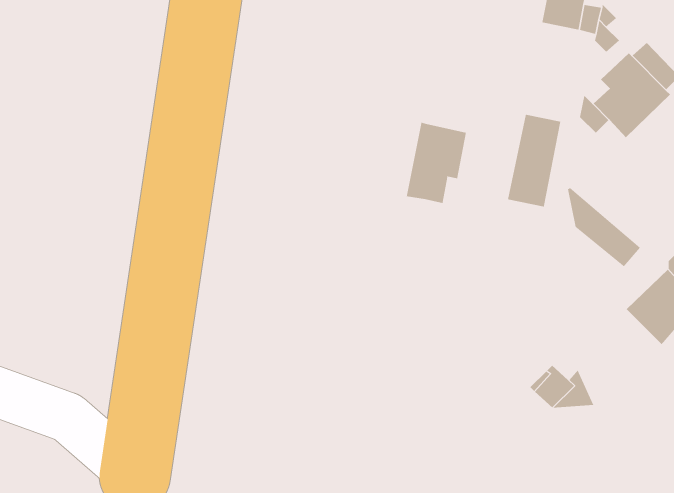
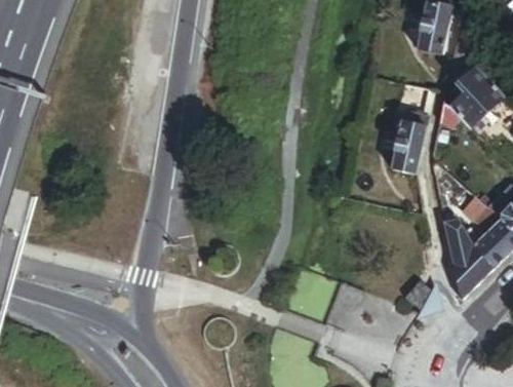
building: [406,122,467,204] -> none
building: none -> [449,231,498,301]

